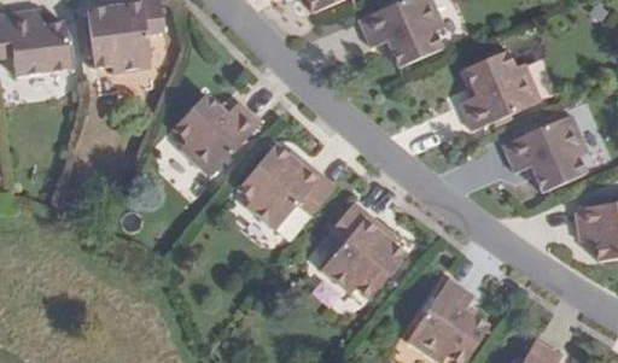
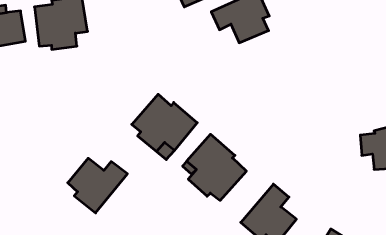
building: [461,46,542,127] -> none
building: [176,103,264,183] -> [68,158,127,213]
building: [502,112,587,189] -> none

